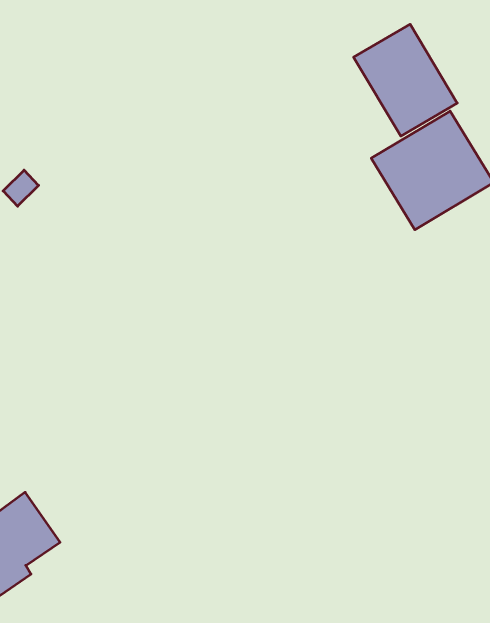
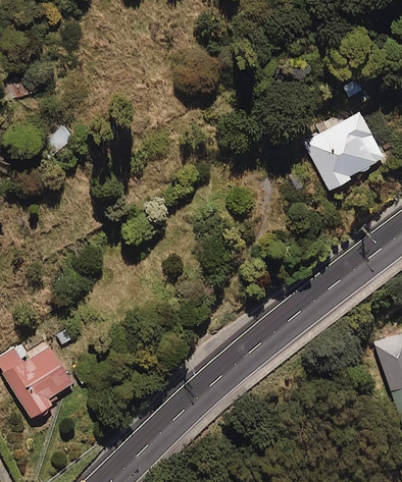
building: [354,24,457,136] -> none

